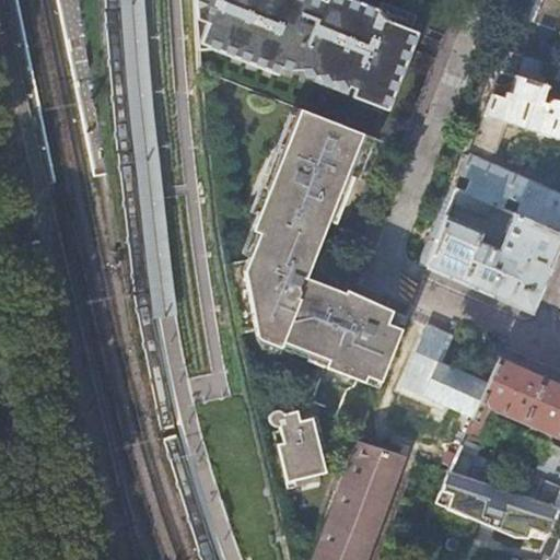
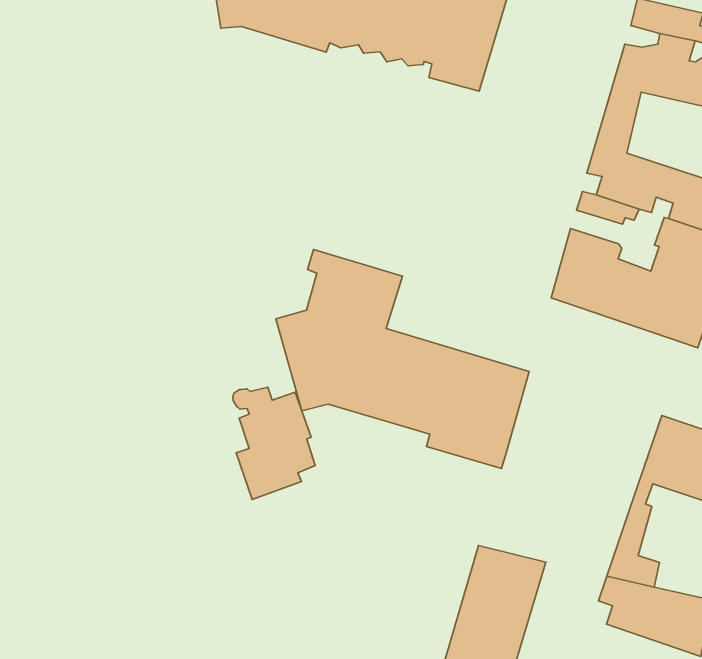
building: [259,108,377,241] -> none
building: [387,318,503,416] -> none
building: [272,410,329,491] -> [233,387,315,499]

